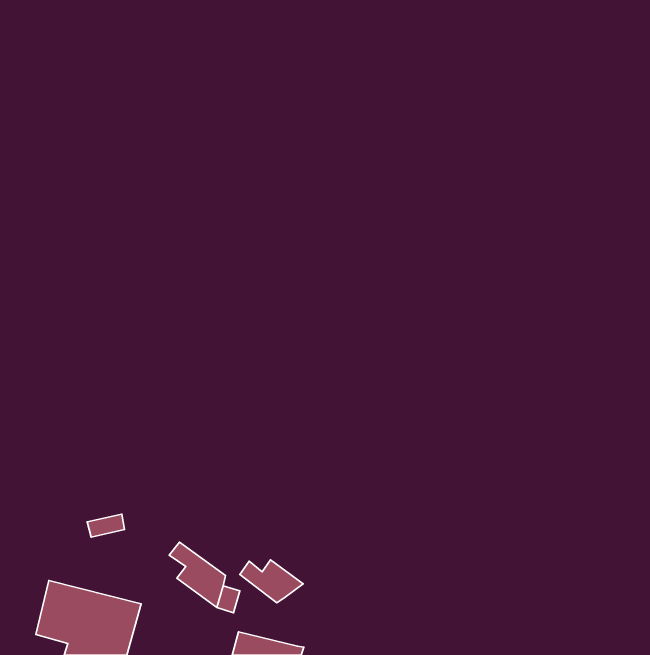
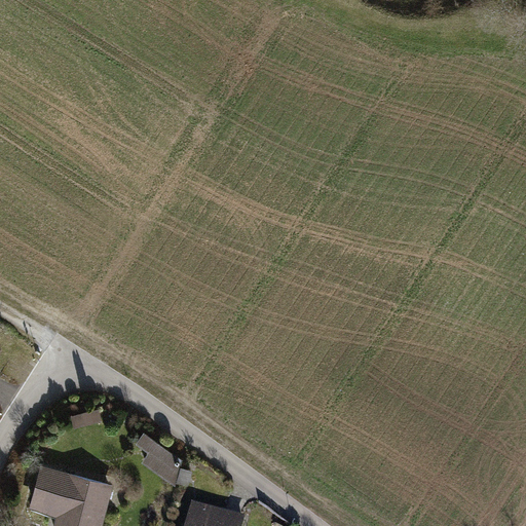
building: [240,560,303,603] -> none

